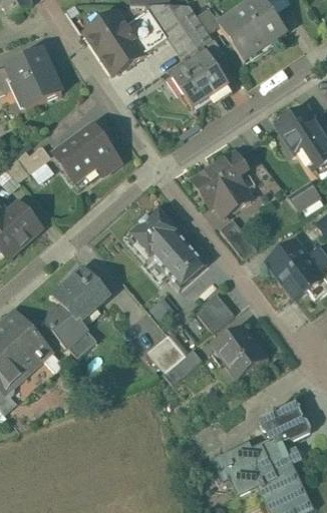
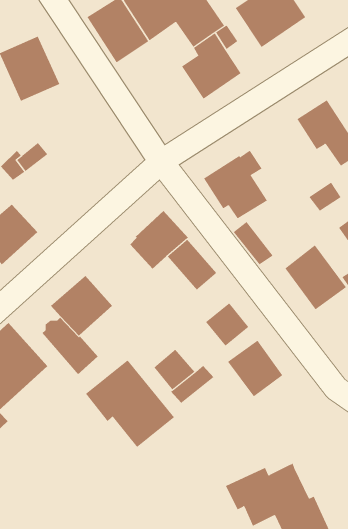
building: [54,125,119,183] -> none
building: none -> [85,360,175,448]
building: [264,405,306,443] -> none

